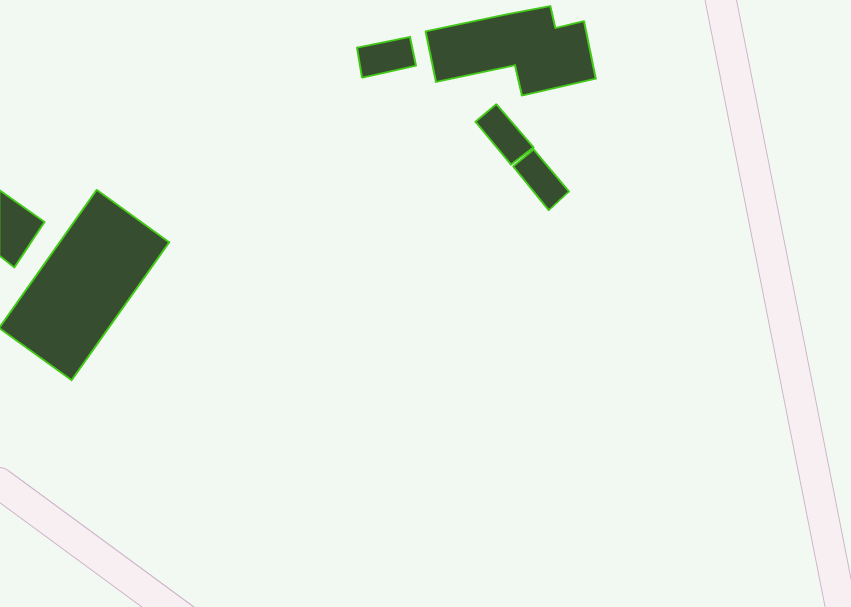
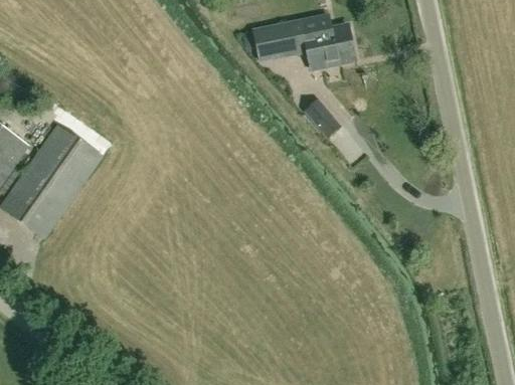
building: [357,37,416,78] -> none
building: [475,104,534,165] -> none

